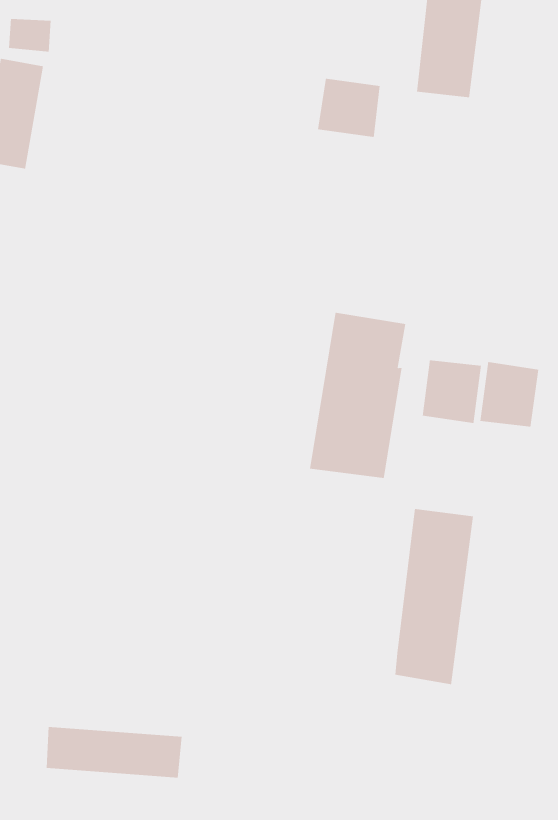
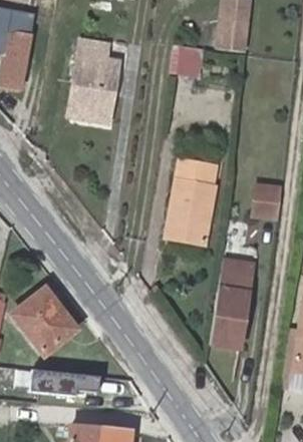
building: none -> [69,39,118,119]
building: [422,359,481,424] -> none
building: none -> [12,289,77,355]

